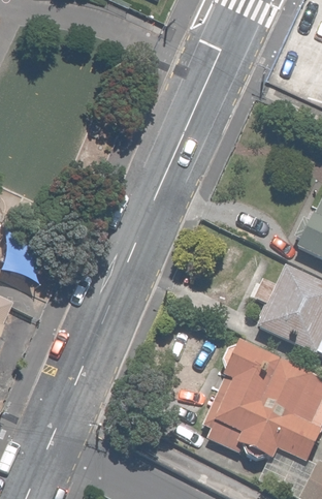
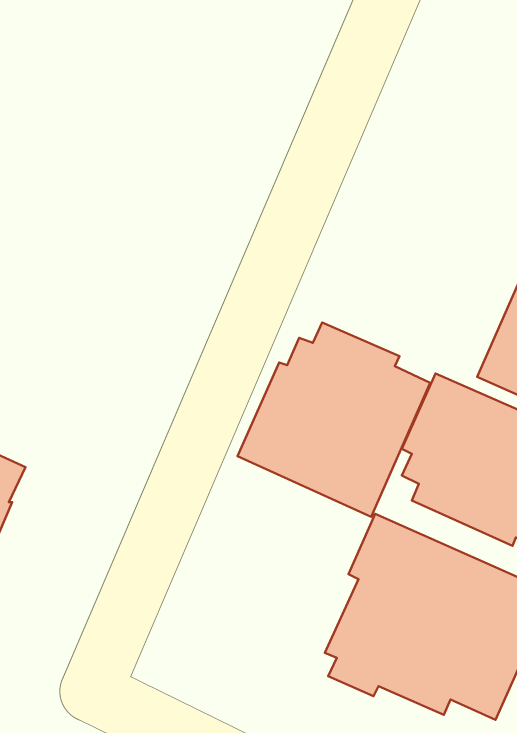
building: none -> [237,322,430,517]

